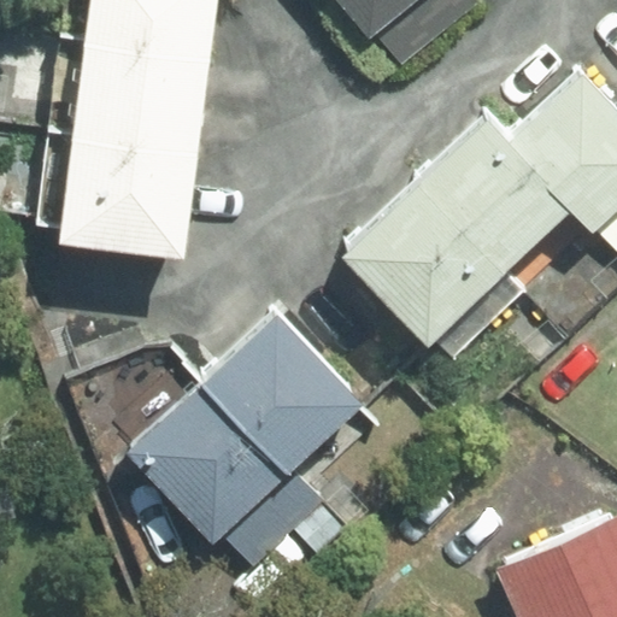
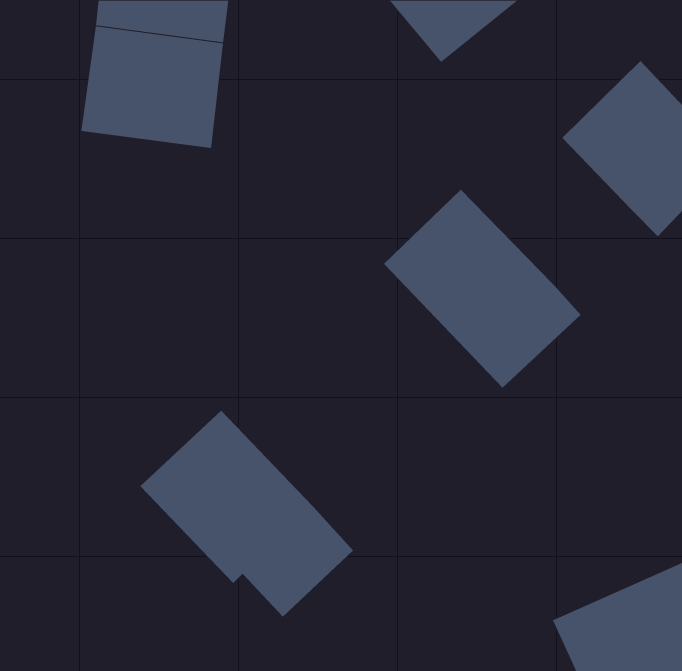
building: [417,116,570,268] -> none
building: [61,130,193,245] -> none
building: [201,311,358,468] -> none

